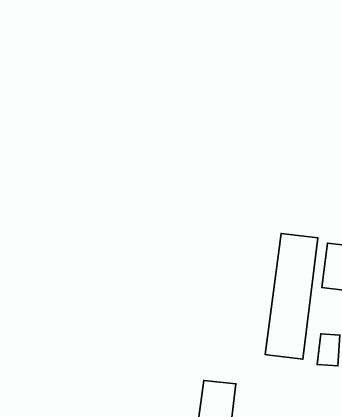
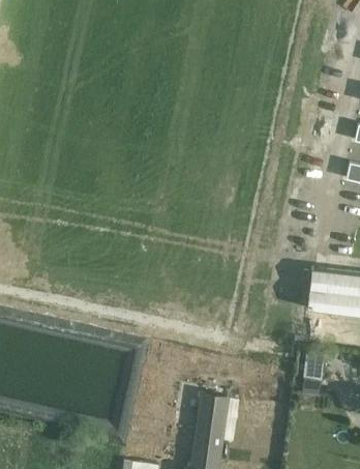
building: [265,233,318,359] -> none

